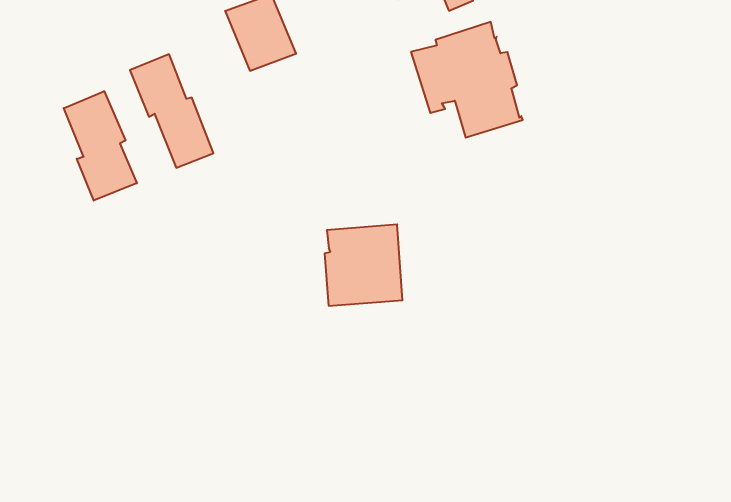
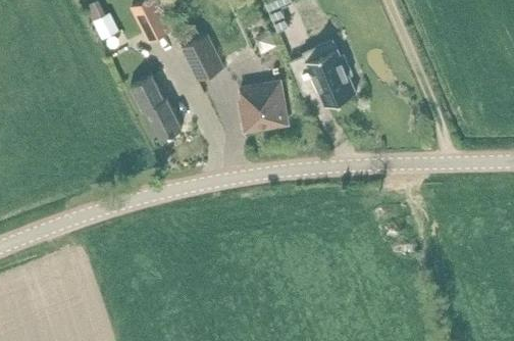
building: [64,91,137,201] -> none
building: [325,224,403,306] -> [239,81,286,131]

